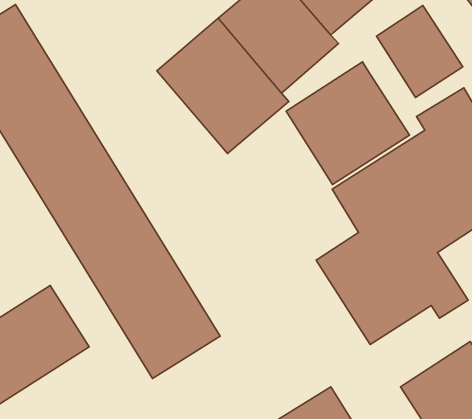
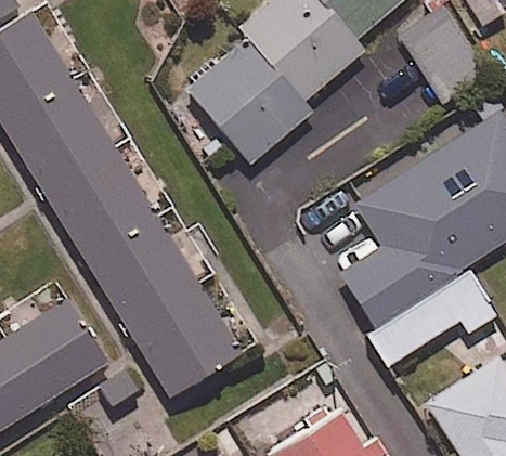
building: [286,62,410,184] -> none

